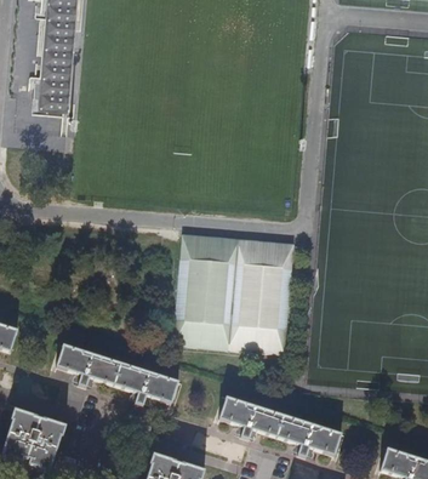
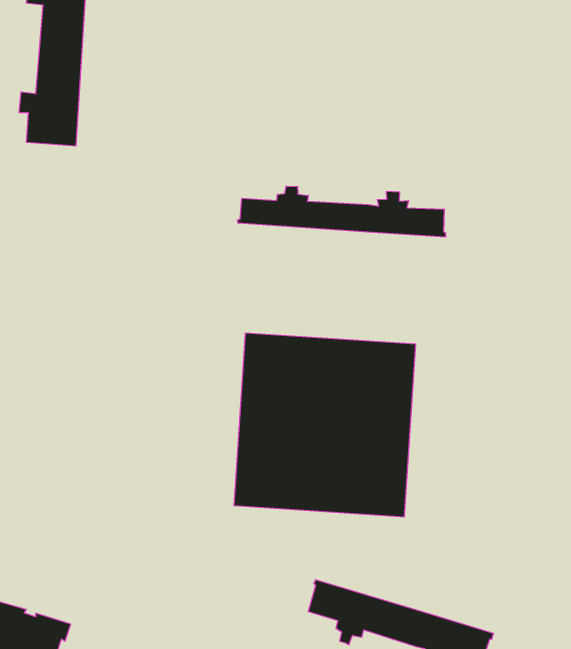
building: none -> [237,186,446,237]
building: [57,342,178,404] -> none

